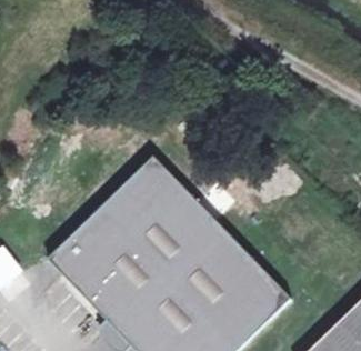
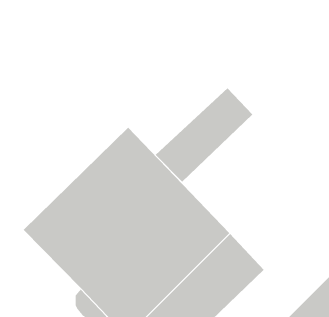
building: none -> [155,88,253,182]

